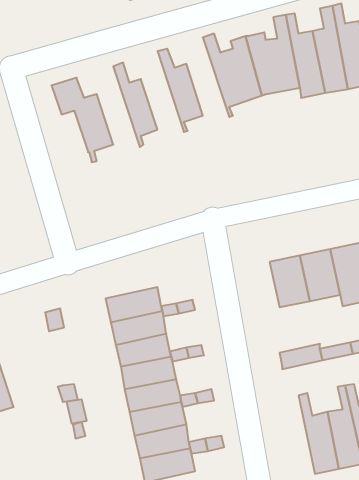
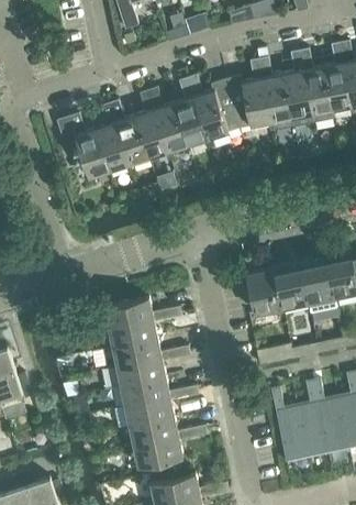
building: none -> [174,78,211,150]
building: none -> [134,90,171,163]
building: none -> [96,103,133,175]

